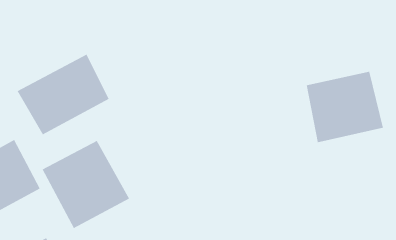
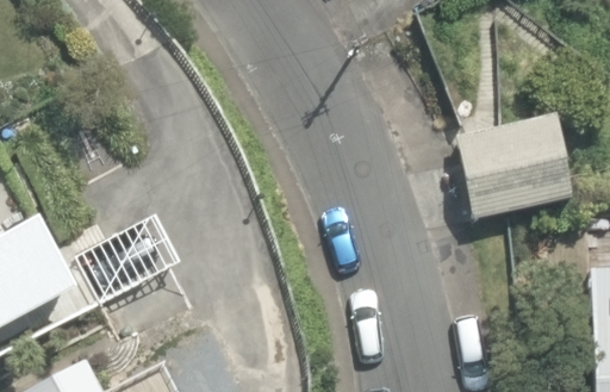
building: [17,53,110,136] -> none

